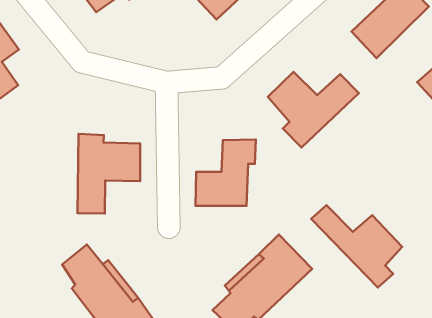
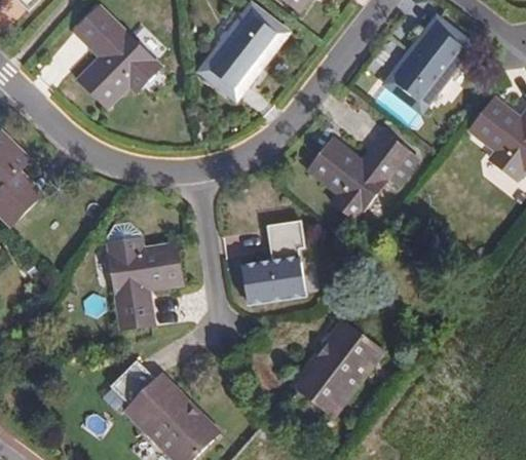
building: [311,205,402,287] -> none

